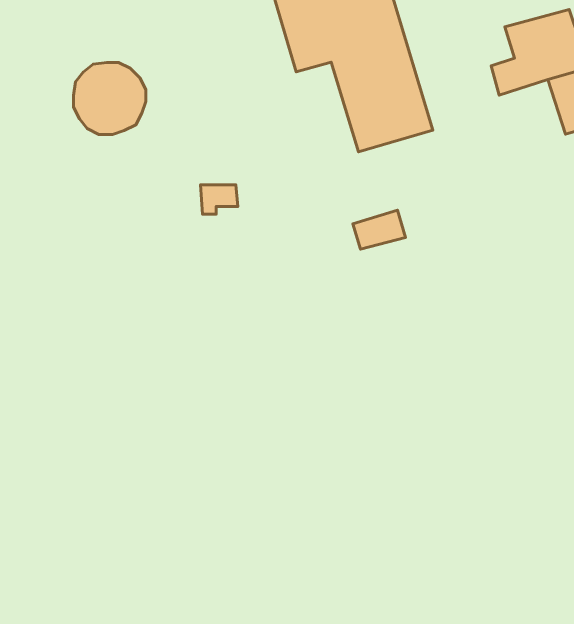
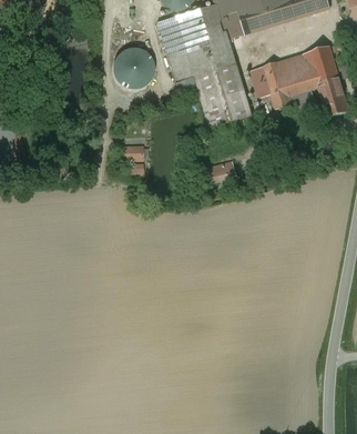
building: none -> [249,60,292,108]
building: [74,62,146,135] -> [112,46,153,87]

